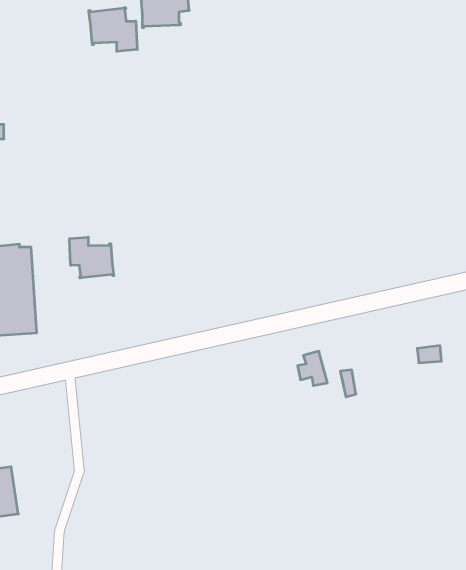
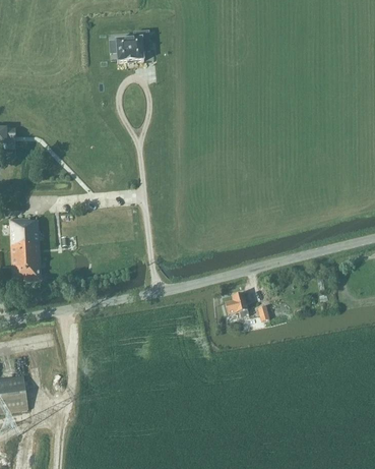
building: [89,8,137,51] -> none
building: [70,237,114,278] -> none

